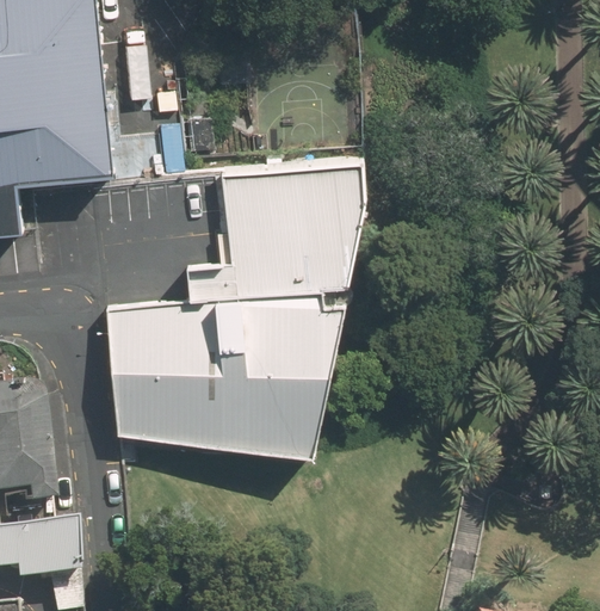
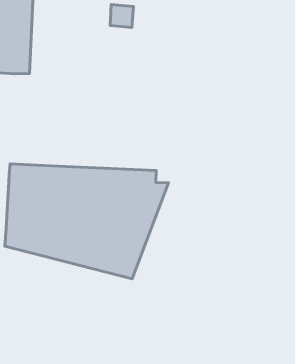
building: [184,160,365,304] -> none

